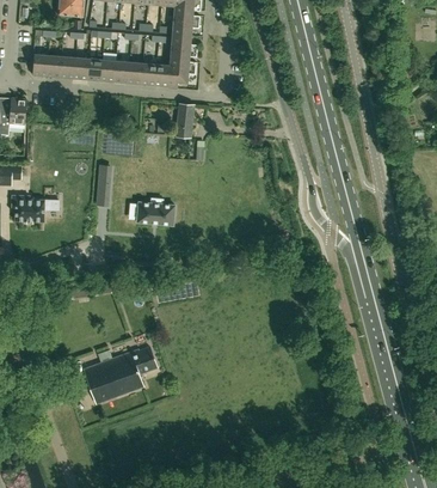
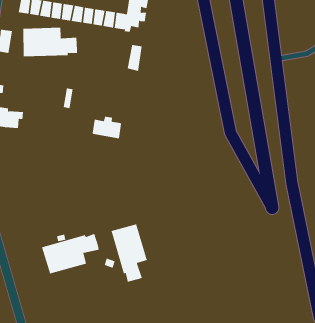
building: none -> [23,27,77,57]
building: none -> [111,224,147,283]

